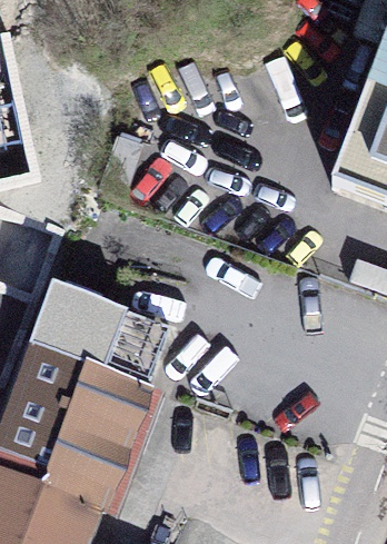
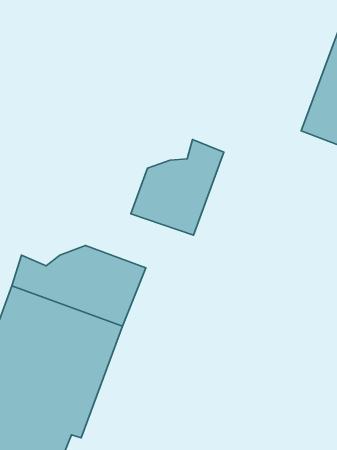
building: none -> [131,139,224,235]

